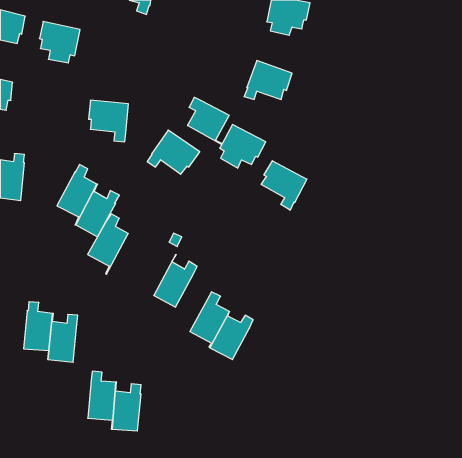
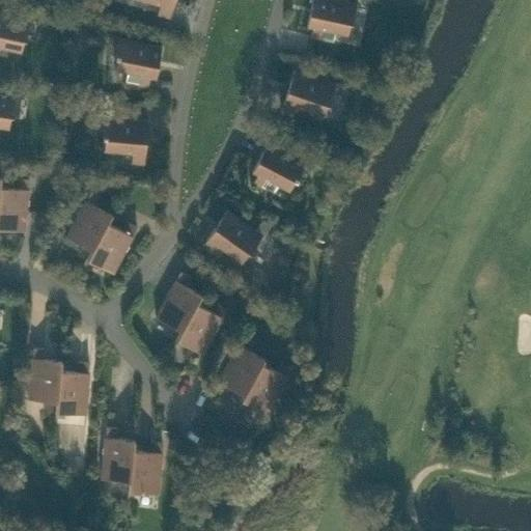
building: [39,21,80,63] -> [114,41,161,89]
building: [188,97,229,144] -> none
building: [147,130,200,174] -> [202,214,262,264]
building: [261,161,307,210] -> none
building: [88,214,128,274] -> [155,274,201,343]

